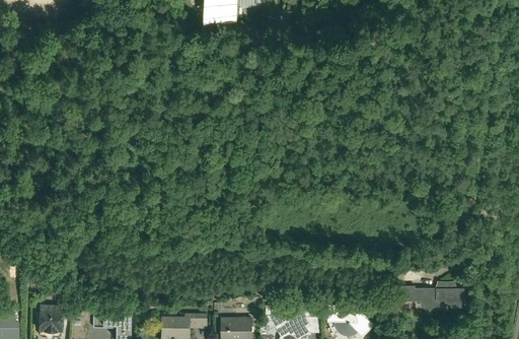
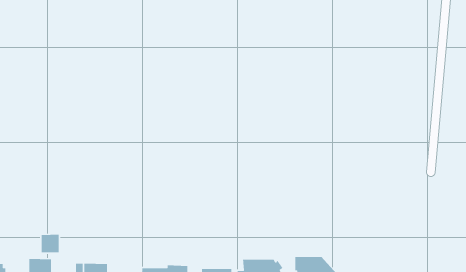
building: none -> [41,234,60,253]
building: [402,279,468,303] -> none

